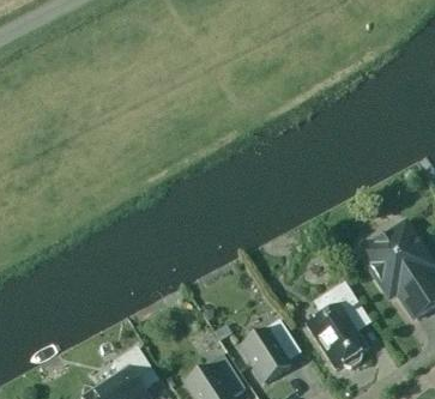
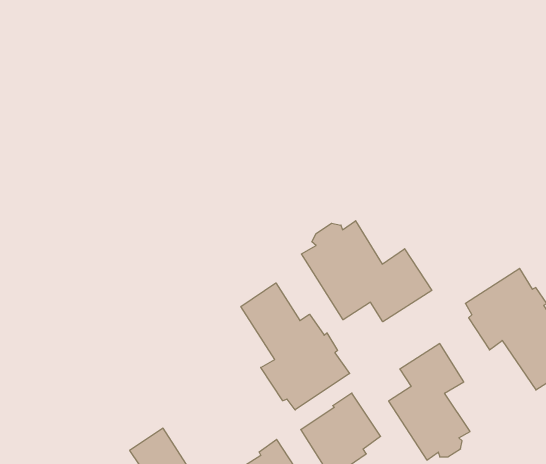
building: none -> [301,221,432,322]
building: none -> [241,283,350,410]

